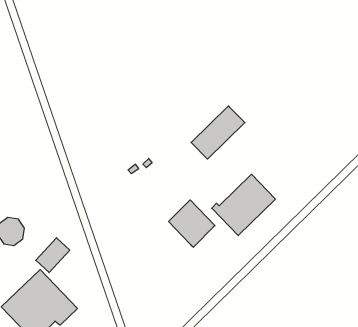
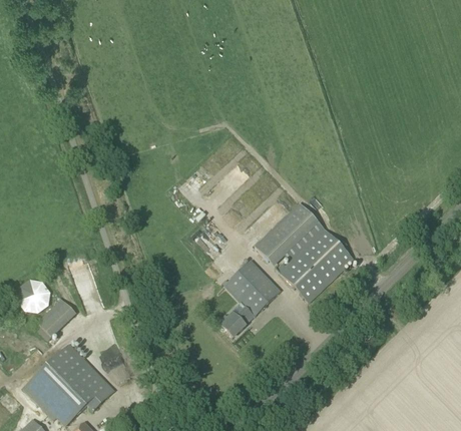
building: [191,106,245,159] -> [255,202,320,267]
building: none -> [219,303,253,338]
building: [36,238,70,273] -> [34,297,75,339]

